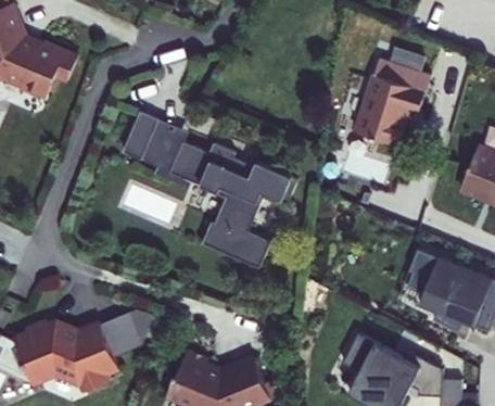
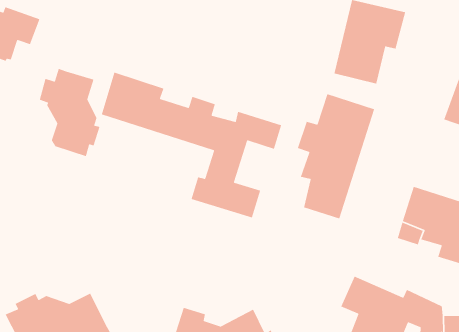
building: none -> [39,68,101,157]
building: none -> [297,93,375,220]
building: [99,312,150,358] -> none

